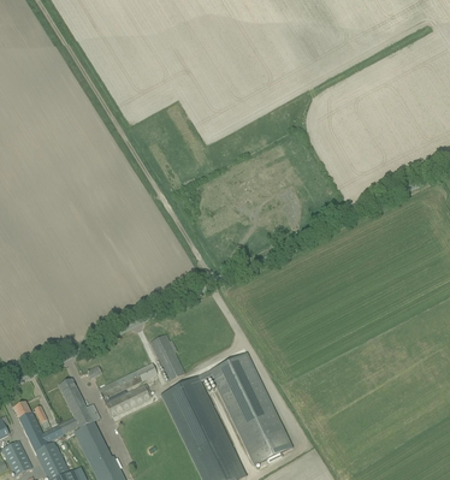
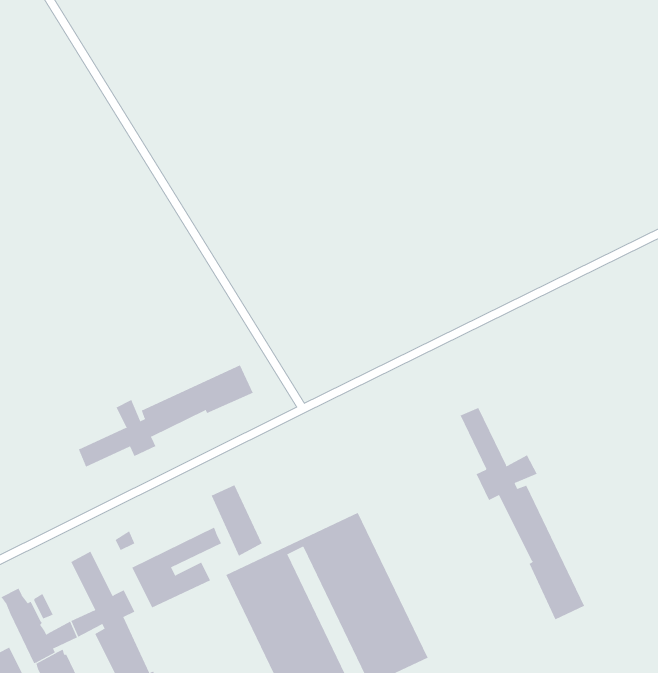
building: none -> [78,364,253,468]
building: none -> [460,407,585,620]

